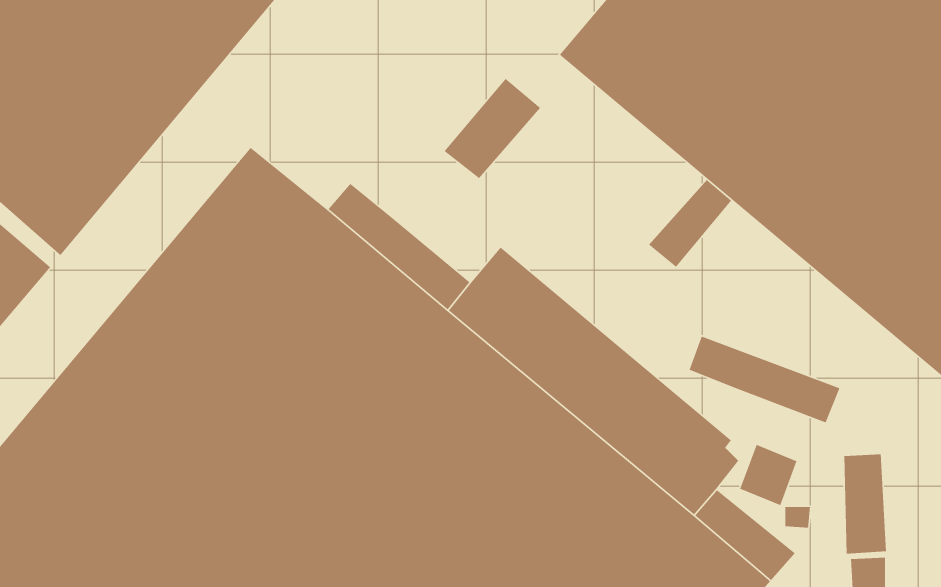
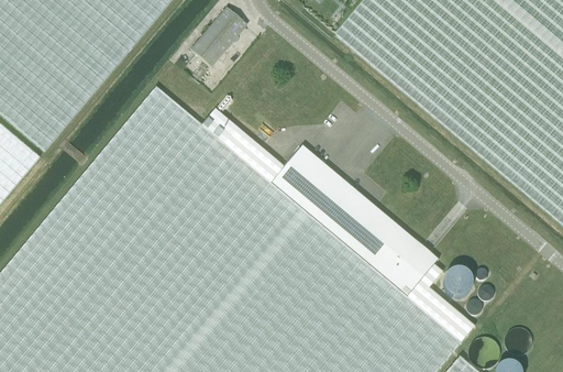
building: [443,78,541,179] -> [189,8,246,67]
building: [648,179,732,268] -> none
building: [688,336,841,423] -> none
building: [844,454,887,554] -> none

